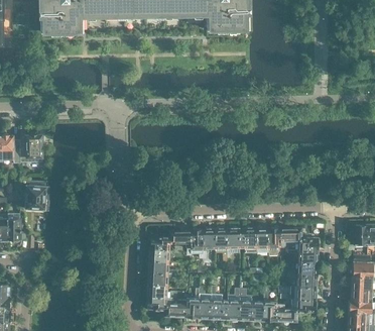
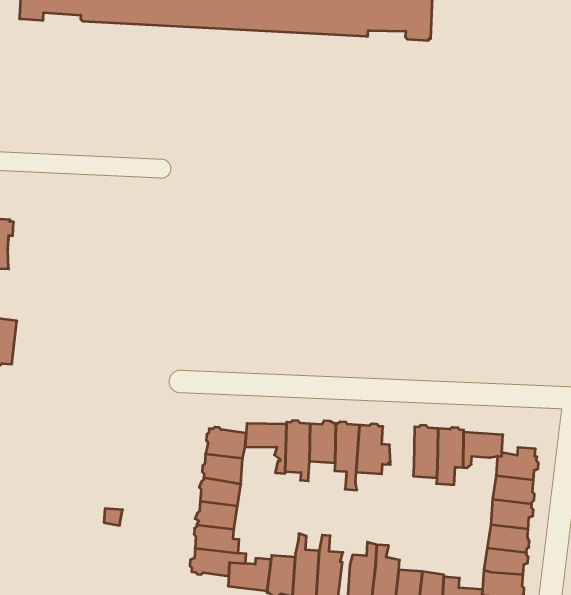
building: [239,227,256,259] -> none

